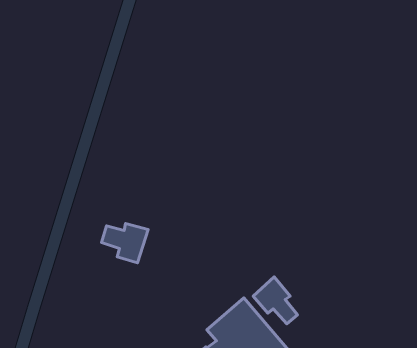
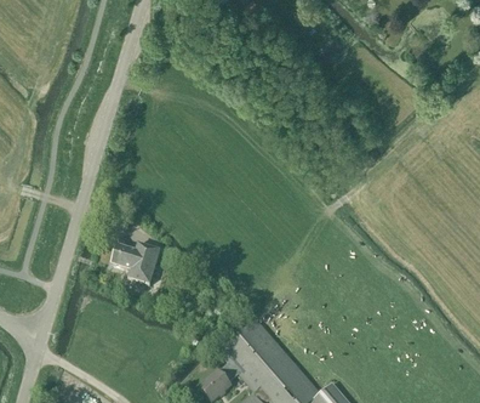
building: [253,277,298,324] -> none

